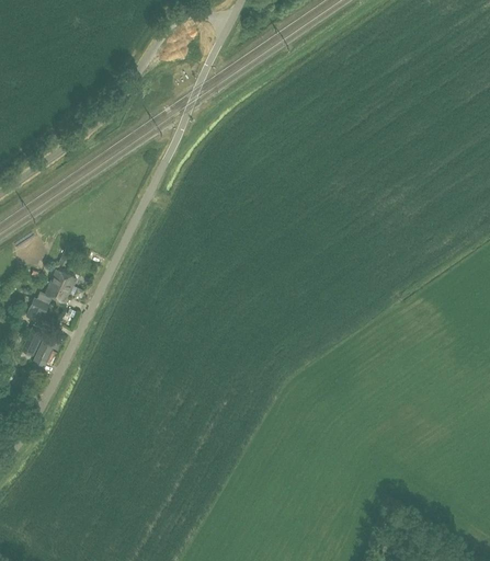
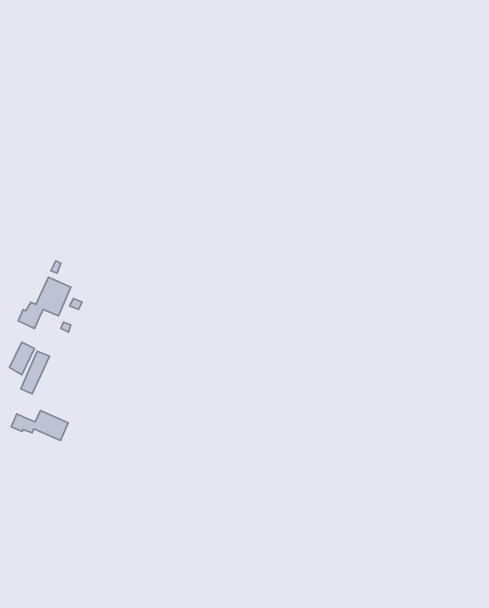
building: none -> [11,410,68,440]

